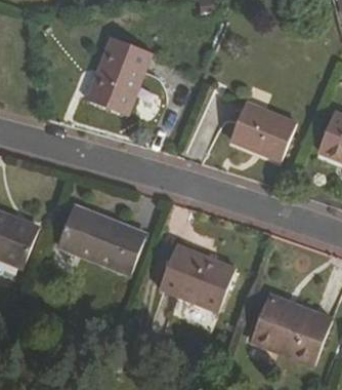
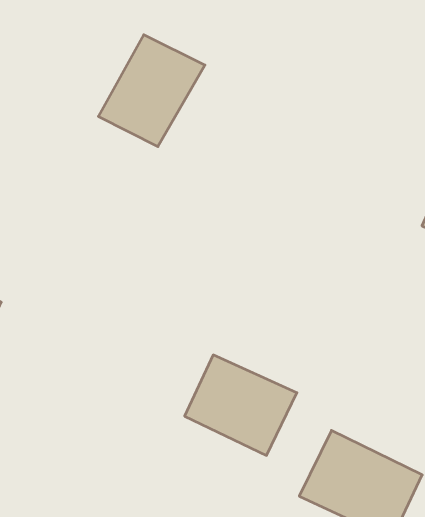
building: [227,99,292,154] -> none
building: [69,210,147,275] -> none

